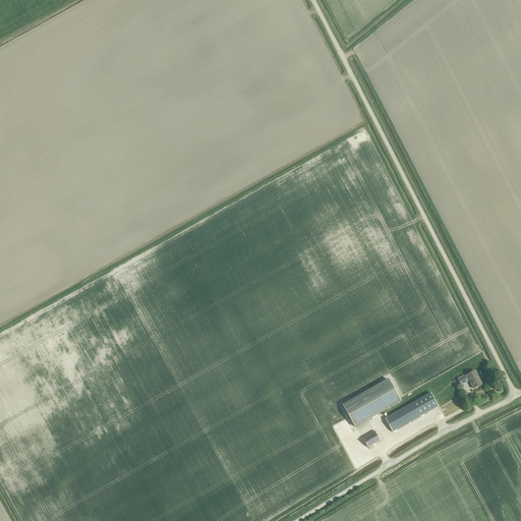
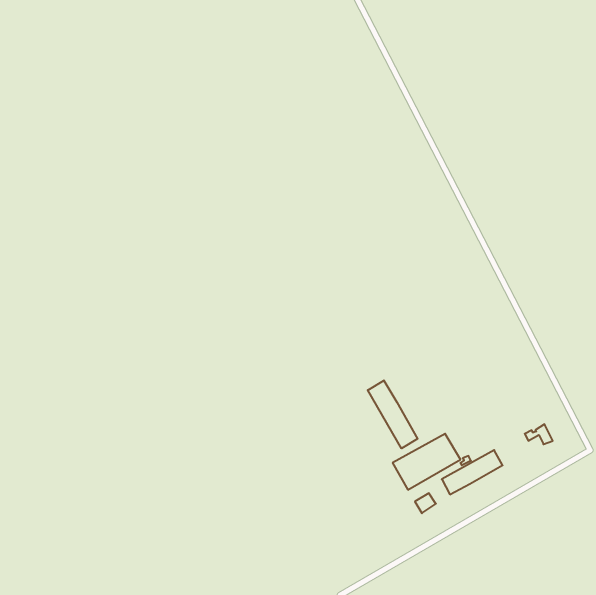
building: none -> [368,380,418,448]

